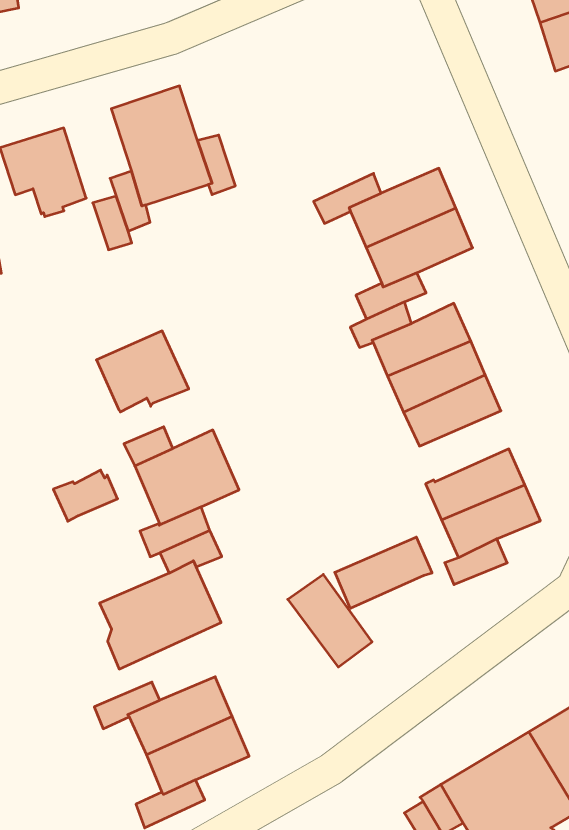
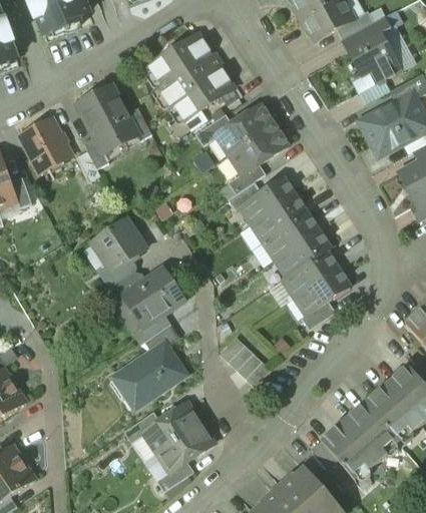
building: none -> [148,33,234,120]
building: [53,470,118,521] -> [99,258,135,289]
building: [335,537,432,608] -> [277,230,330,276]

